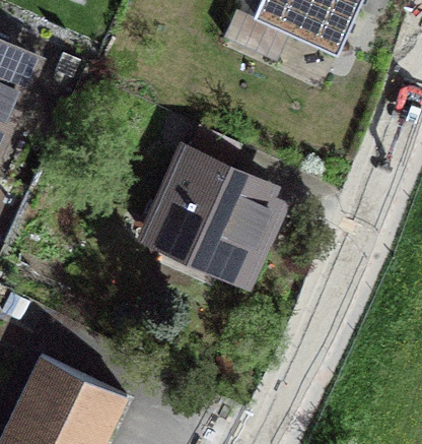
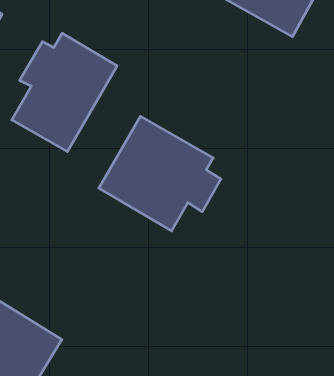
building: none -> [12,33,117,152]

